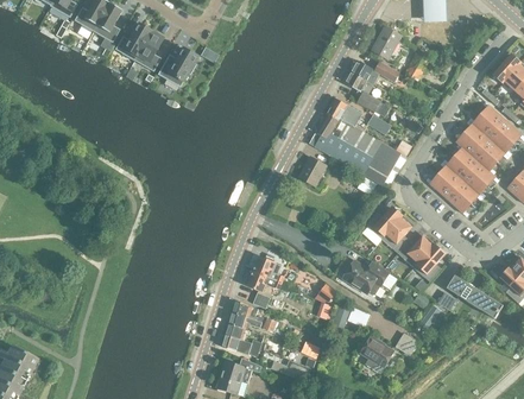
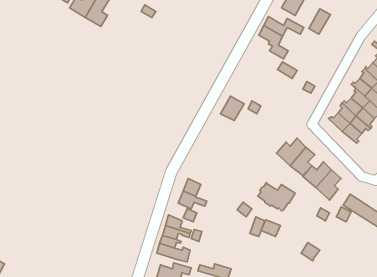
building: [157,48,197,87] -> none
building: [314,97,400,186] -> none
building: [360,336,392,367] -> none

